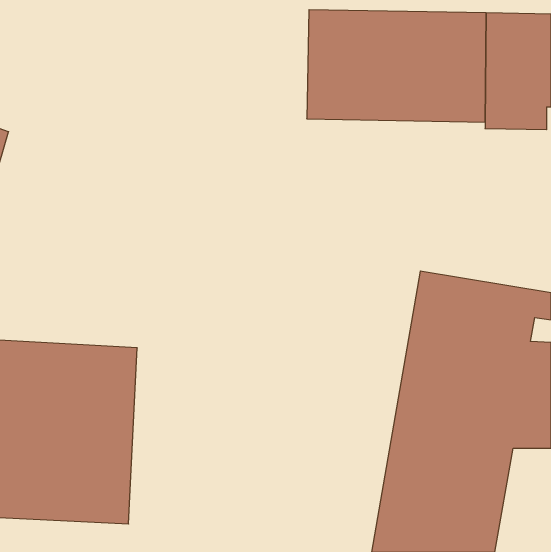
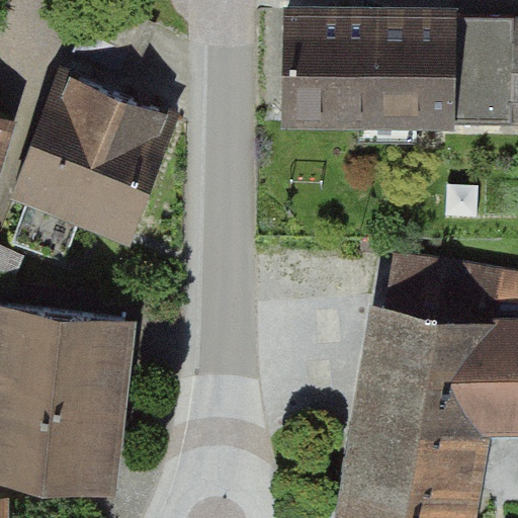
building: none -> [12,77,178,243]

